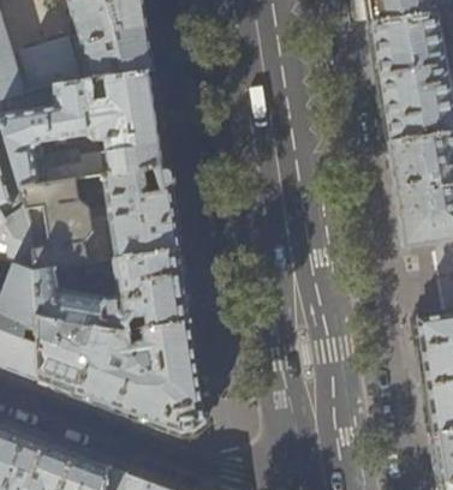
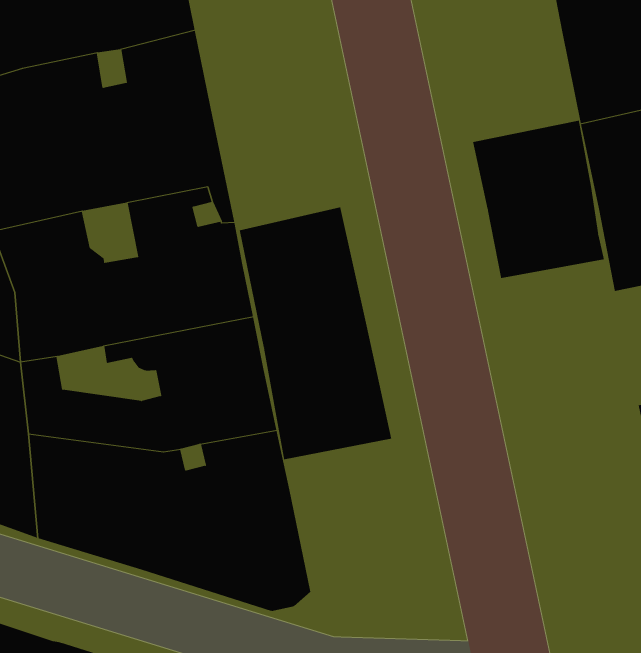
building: none -> [473,120,605,279]
building: none -> [239,207,392,460]

